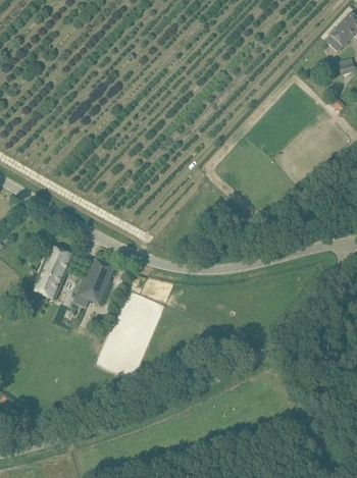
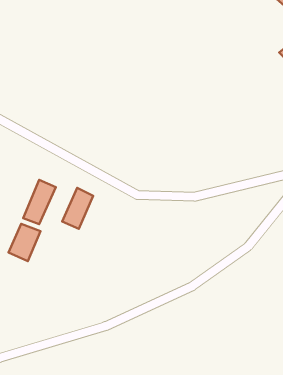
building: none -> [8,224,40,261]

